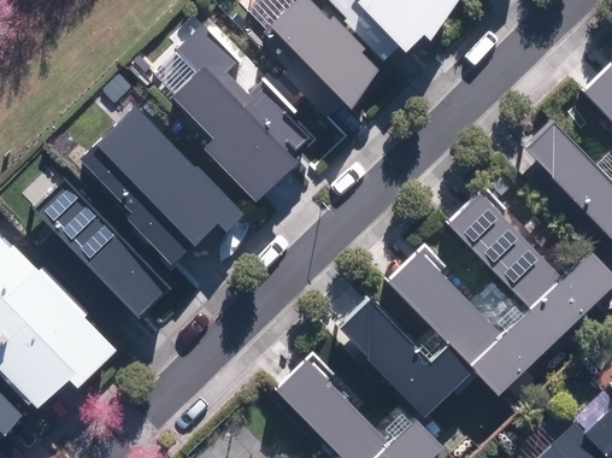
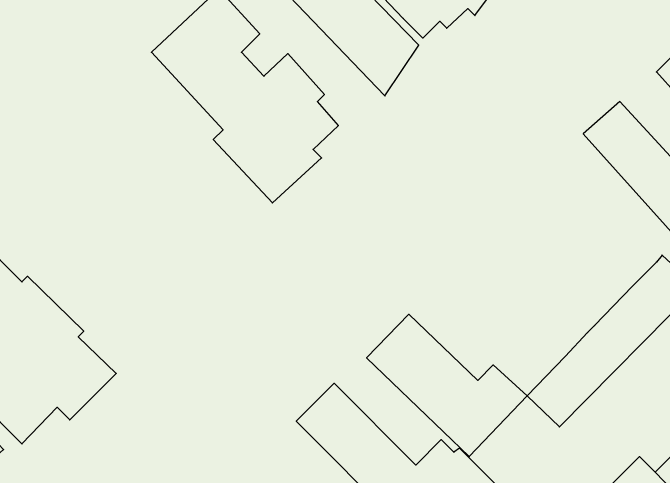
building: [78,106,246,268] -> none
building: [35,178,170,318] -> none
building: [443,183,583,309] -> none
building: [383,241,524,369] -> none

